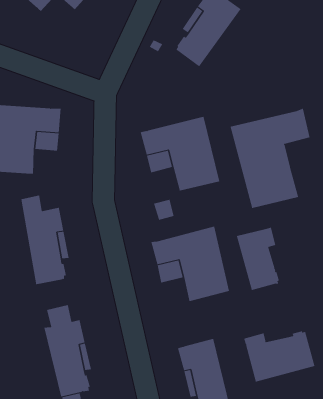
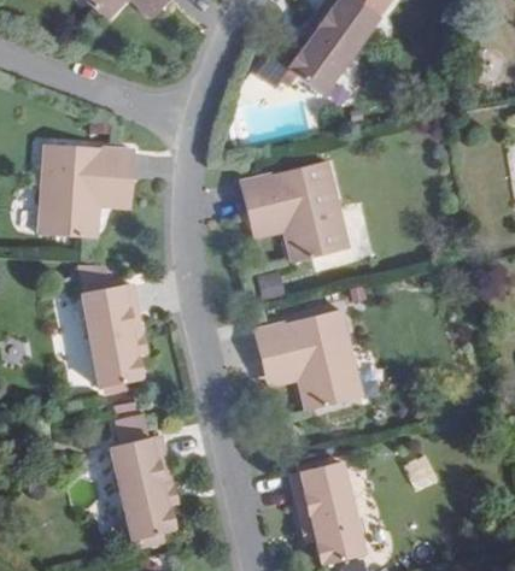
building: [230,108,310,209] -> none
building: [236,227,280,291] -> none
building: [244,330,315,382] -> none

